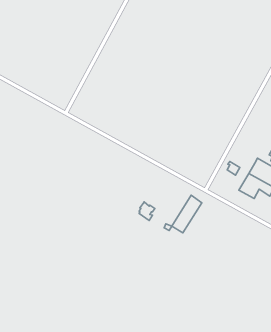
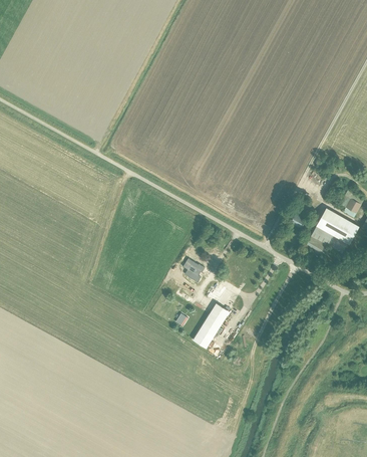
building: [172,195,202,233] -> [194,302,230,348]

